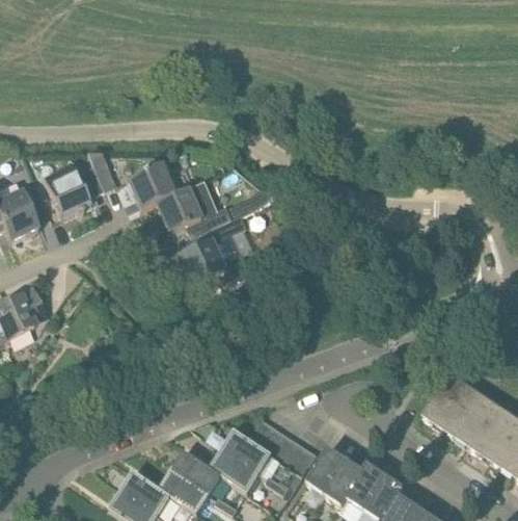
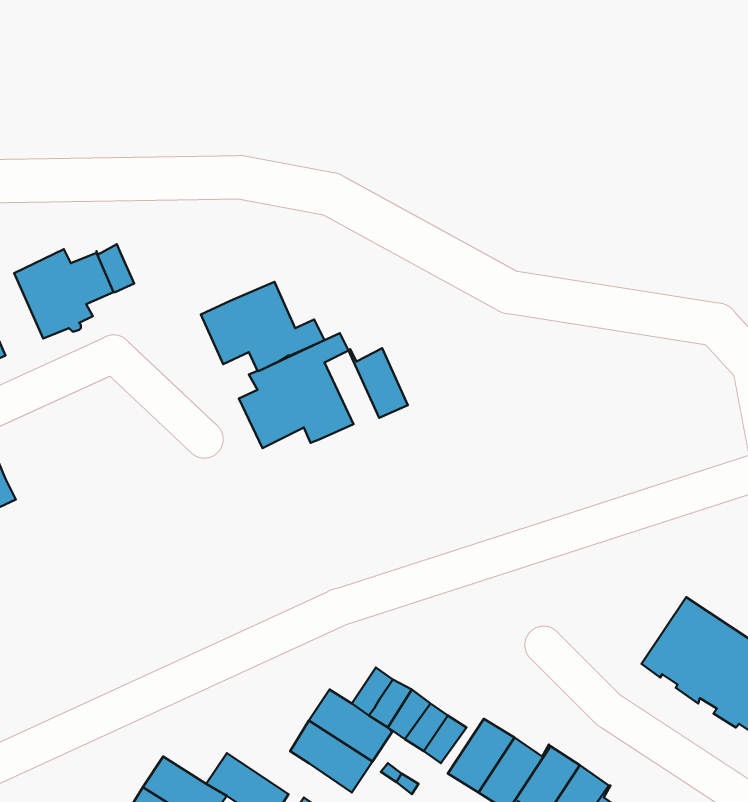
building: [128,164,174,209] -> none
building: none -> [348,348,408,418]
building: [172,450,222,494] -> none

